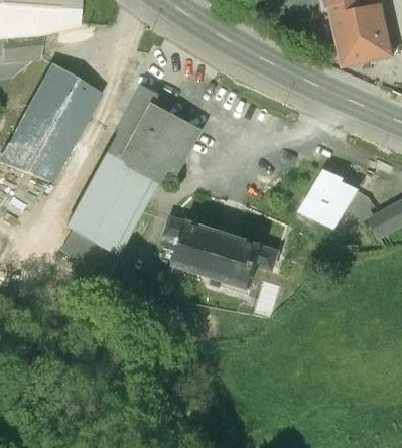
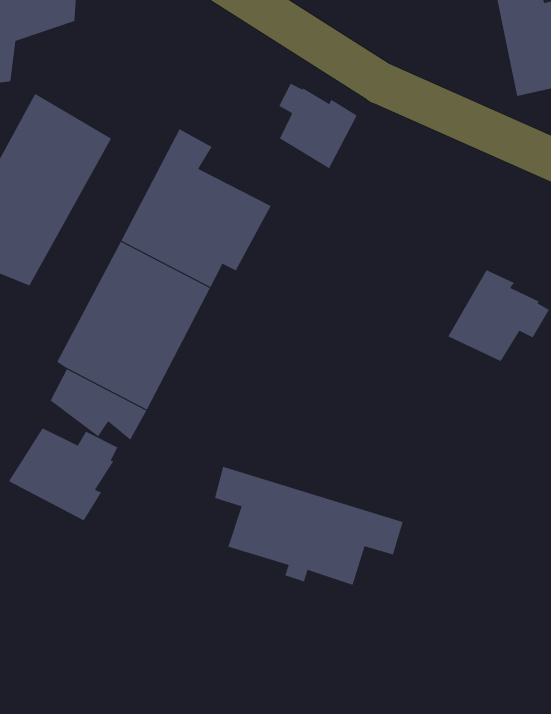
building: none -> [279,83,358,169]
building: [165,216,279,288] -> [214,466,404,585]
building: none -> [8,428,118,521]

